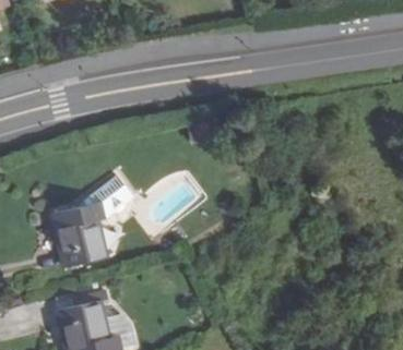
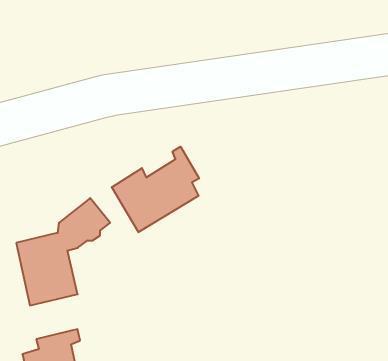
building: none -> [112,147,199,232]

